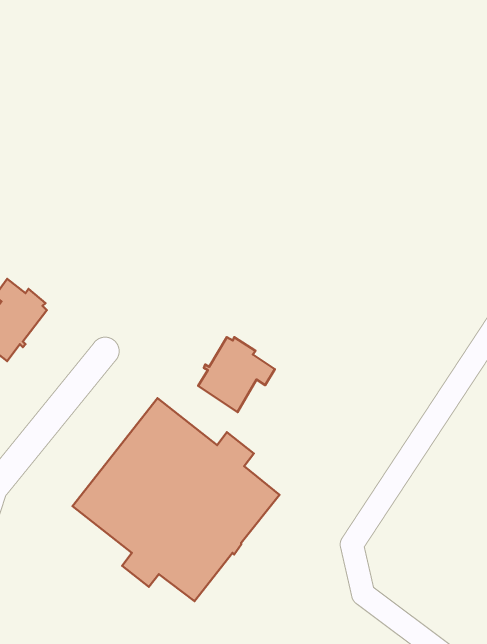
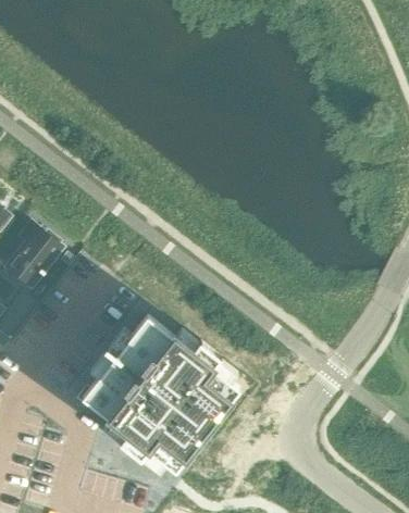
building: [198,337,275,412] -> none

